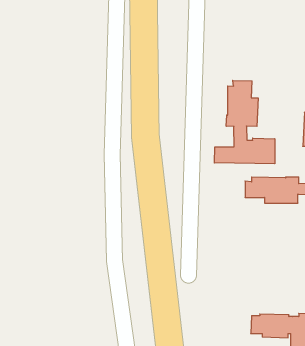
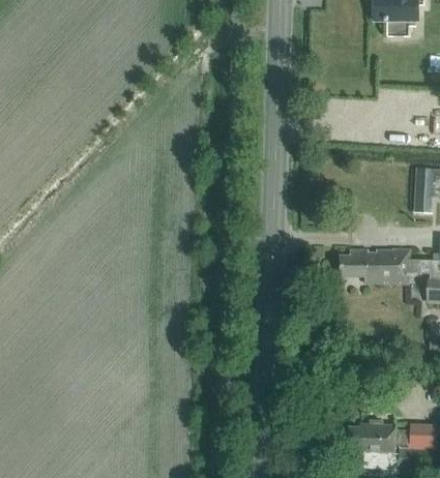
building: [214,80,275,164] -> none

